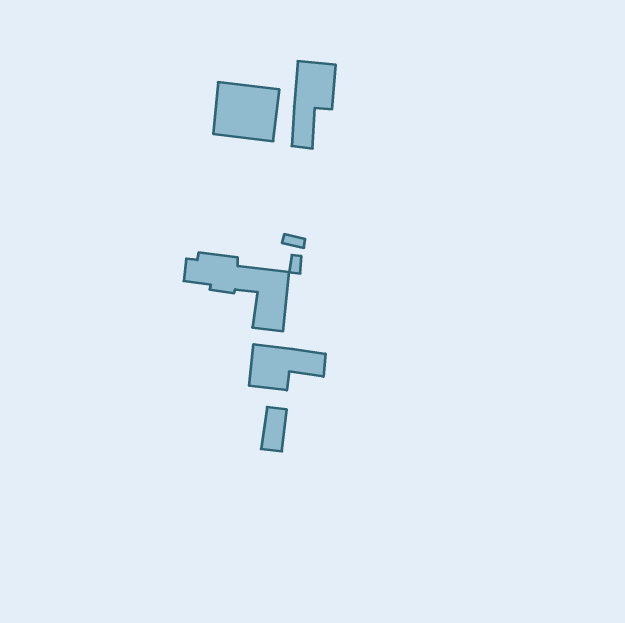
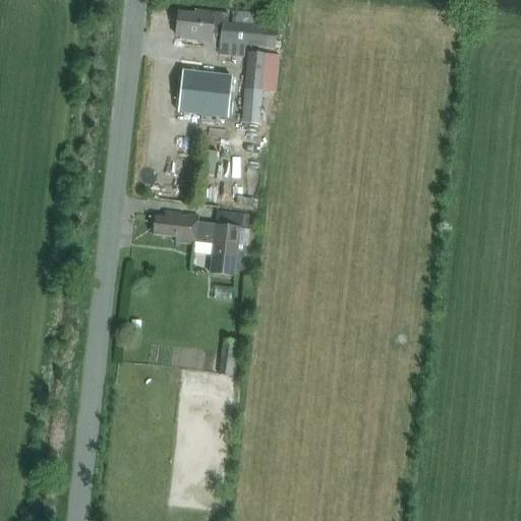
building: none -> [175,8,277,47]
building: [249,344,325,390] -> none

